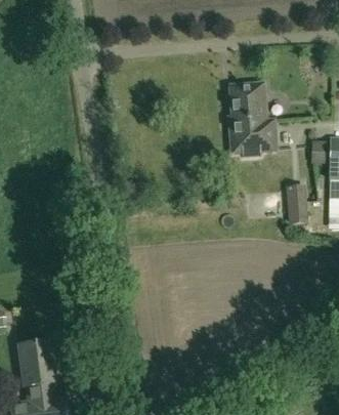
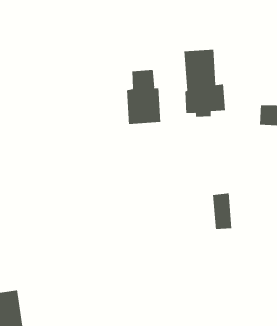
building: none -> [126,69,161,125]
building: [286,185,307,224] -> [212,193,232,229]

